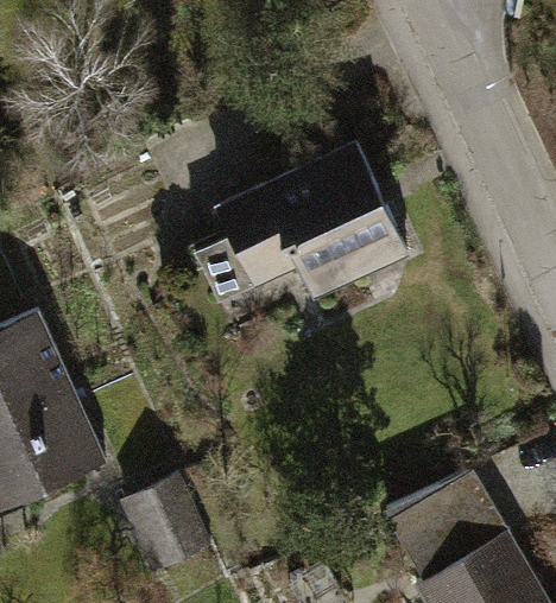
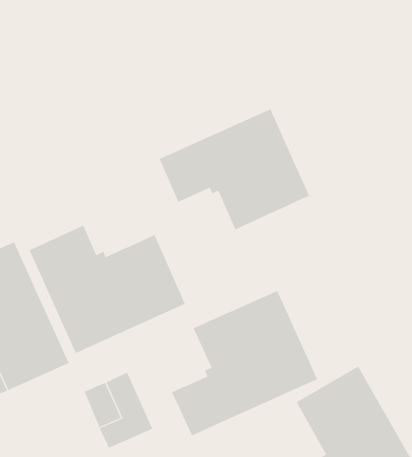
building: none -> [29,225,186,354]
building: none -> [171,290,318,436]

